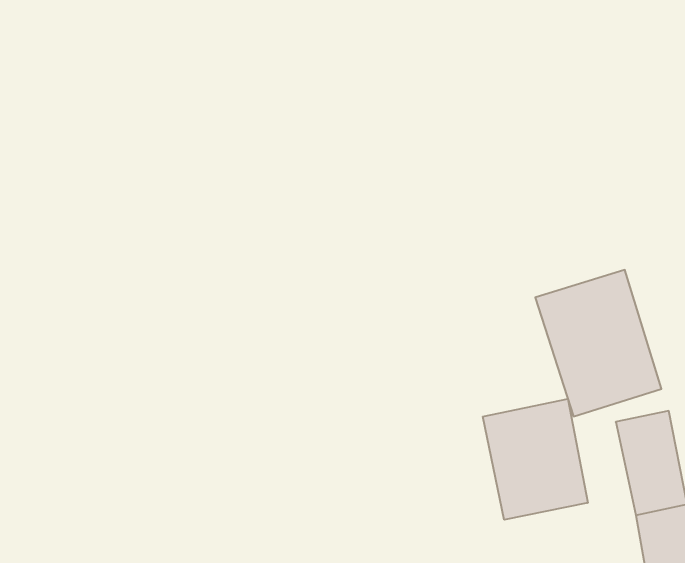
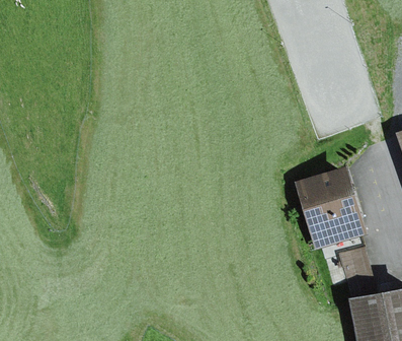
building: [483,399,588,520] -> none

